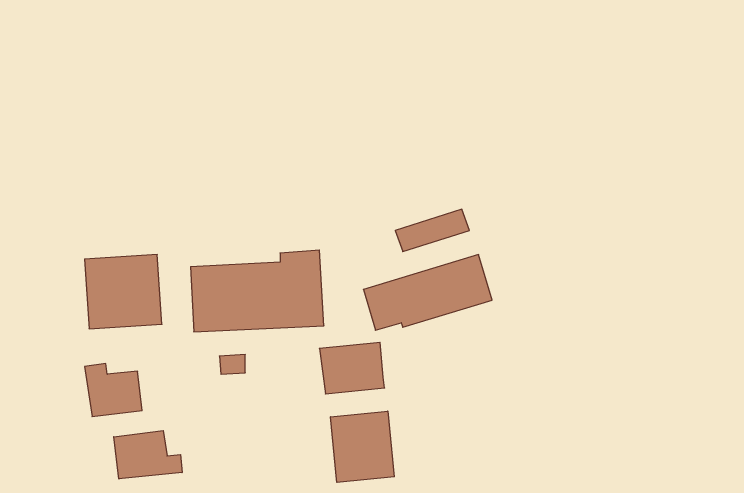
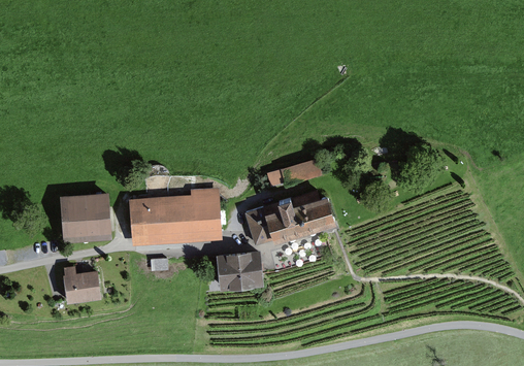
building: [331,411,394,482] -> none
building: [114,431,182,479] -> none

